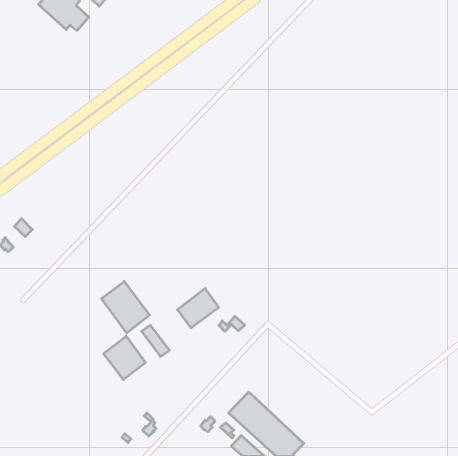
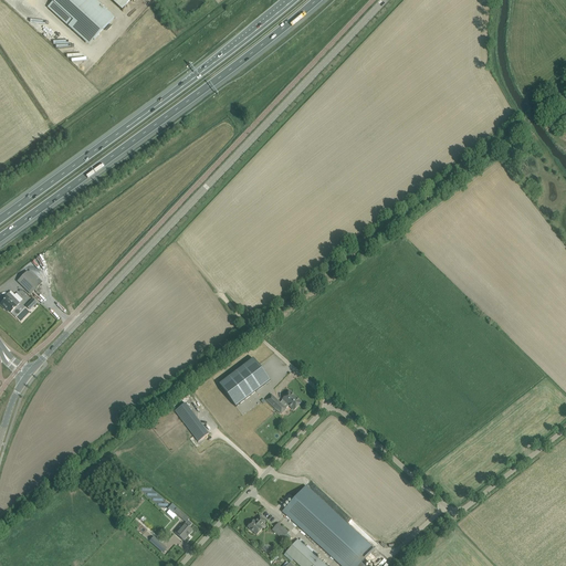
building: [102,281,150,333] -> none
building: [104,336,145,380] -> none

